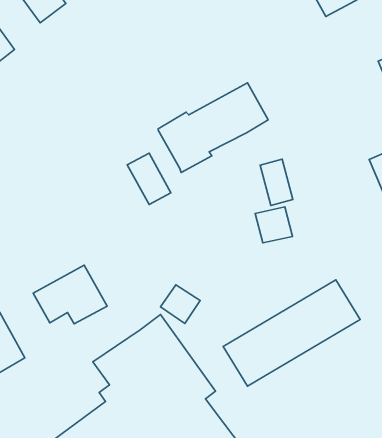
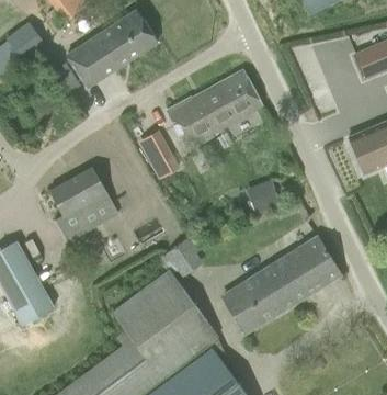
building: none -> [66,11,157,88]
building: [260,159,293,206] -> none
building: [33,265,107,324] -> [48,168,112,218]

